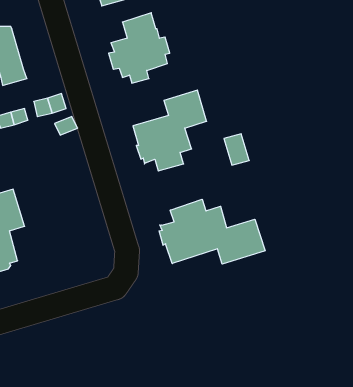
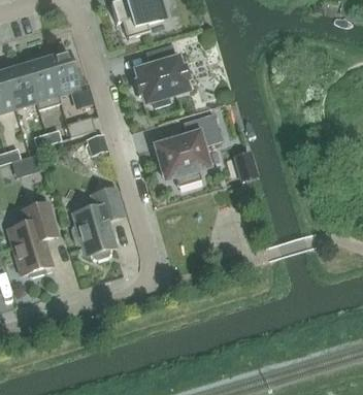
building: none -> [48,50,84,94]
building: none -> [73,187,125,258]
building: [159,199,265,264] -> none

